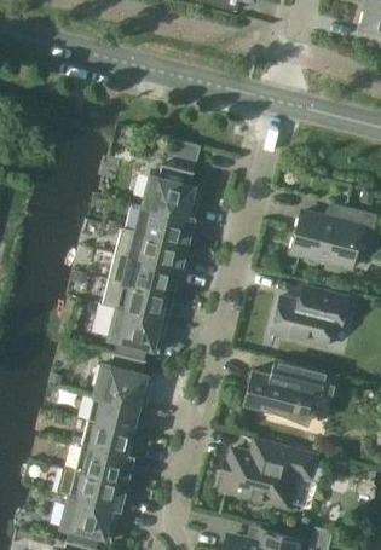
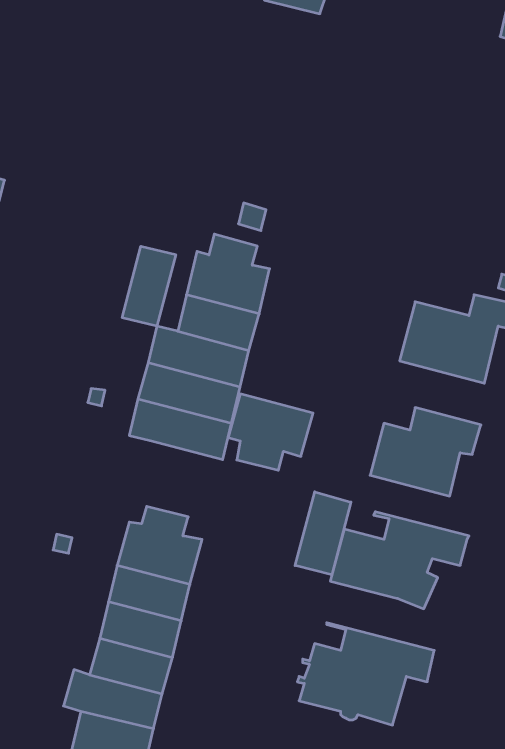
building: none -> [122,246,176,326]
building: [106,309,166,363] -> [228,394,313,470]
building: none -> [295,492,351,575]

